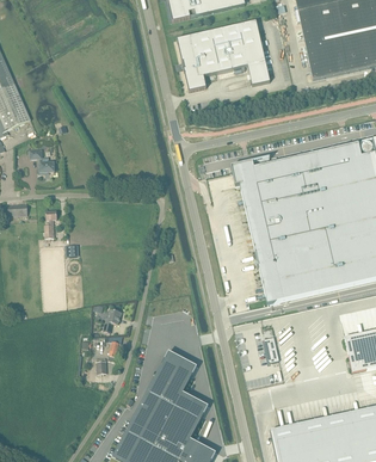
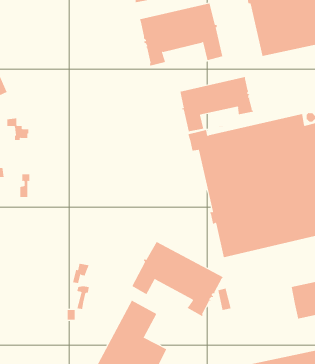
building: none -> [180,76,254,132]
building: none -> [131,241,224,317]

